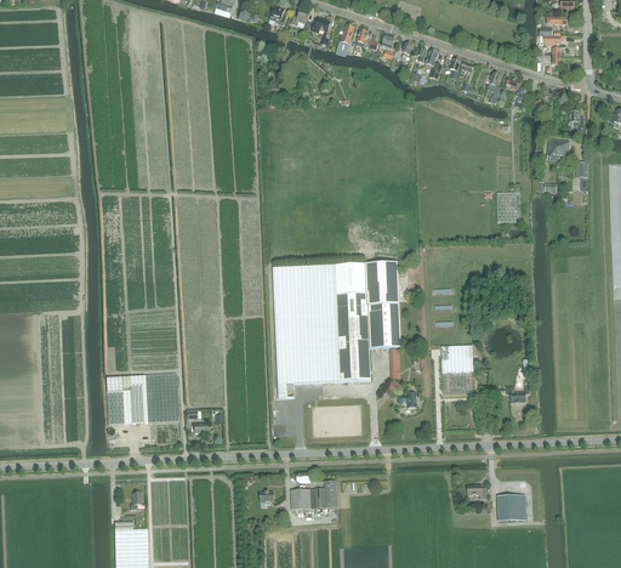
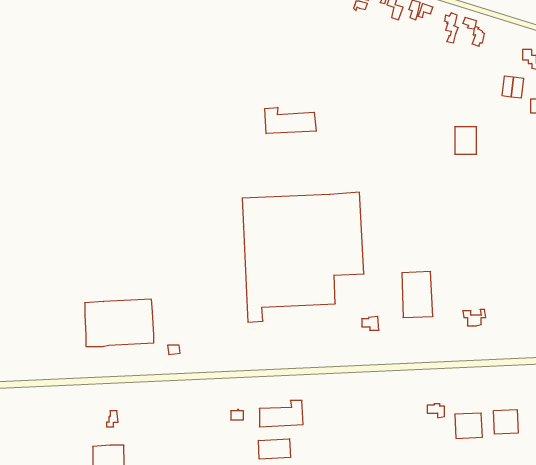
building: none -> [265,107,316,134]
building: none -> [494,410,518,434]
building: none -> [258,439,291,459]

